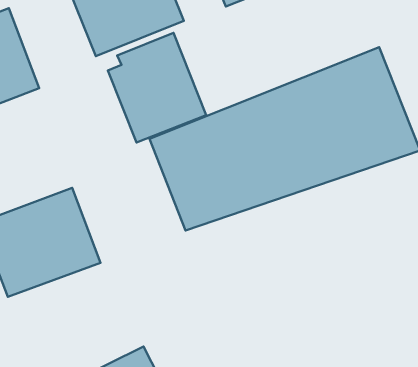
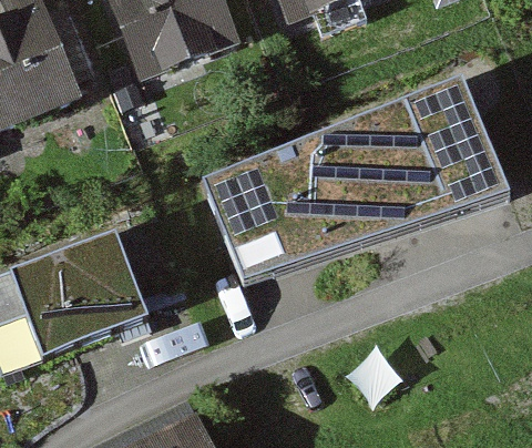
building: [108,33,206,143] -> none

